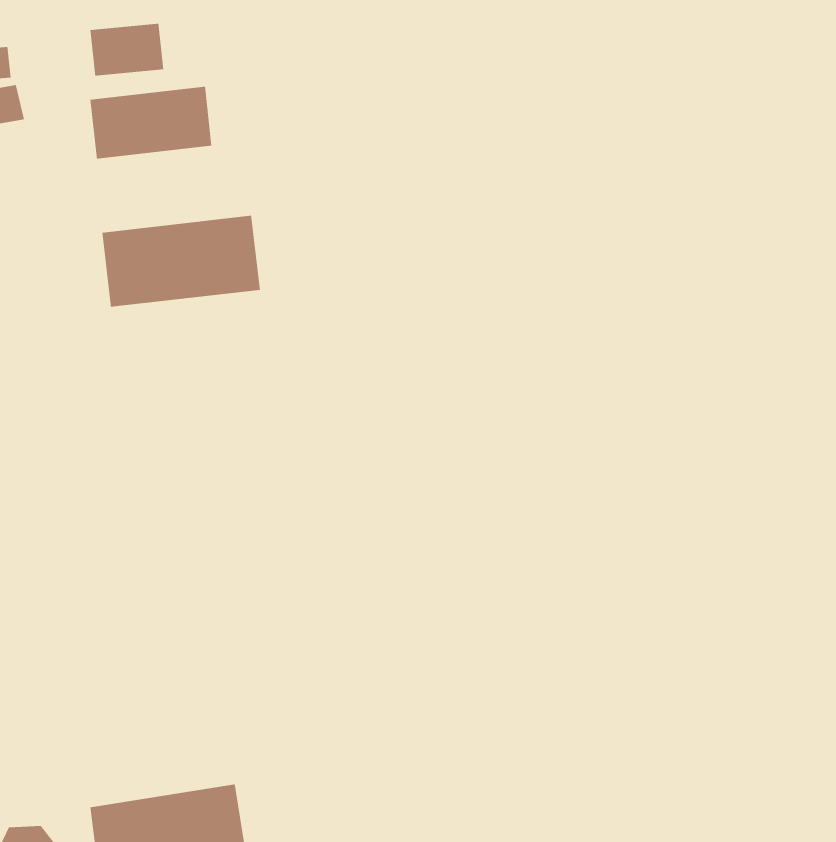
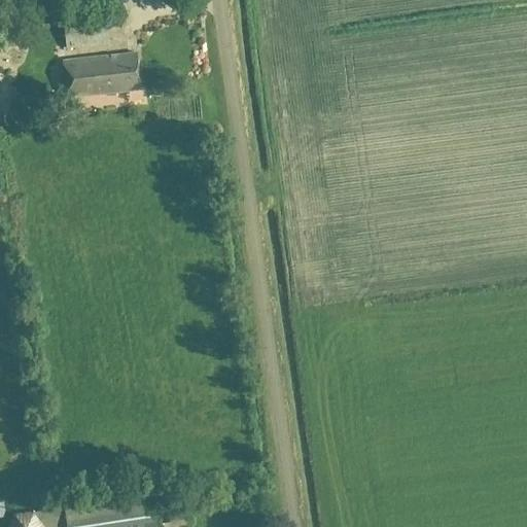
building: [102,215,261,307] -> none

